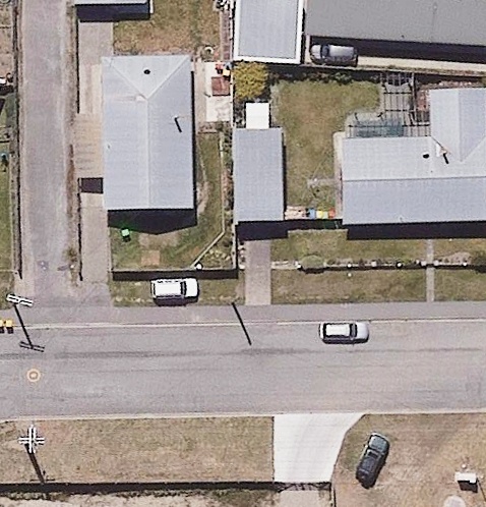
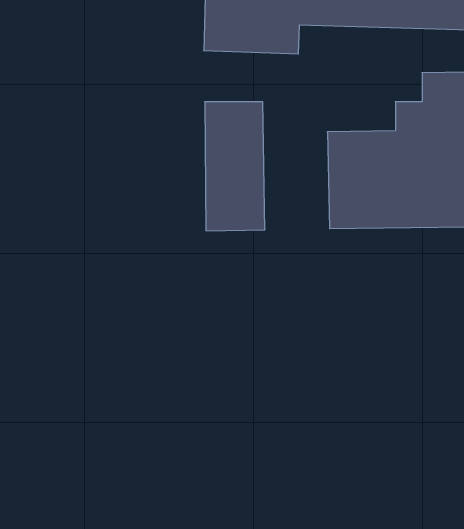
building: [80,48,189,204] -> none

